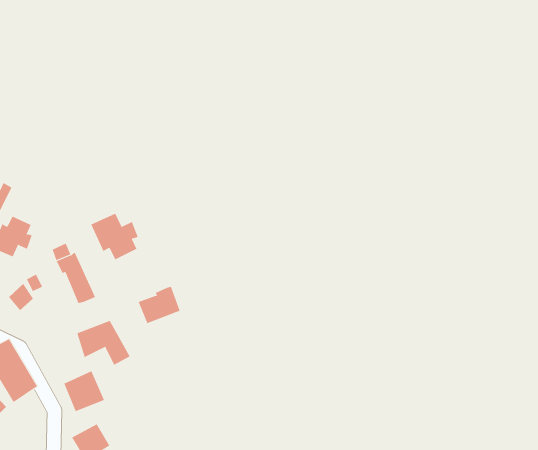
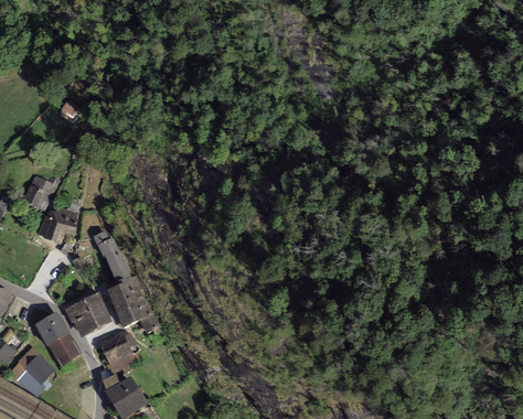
building: [91,213,138,260] -> none
building: [138,286,181,324] -> [106,273,142,305]
building: none -> [65,292,111,337]

